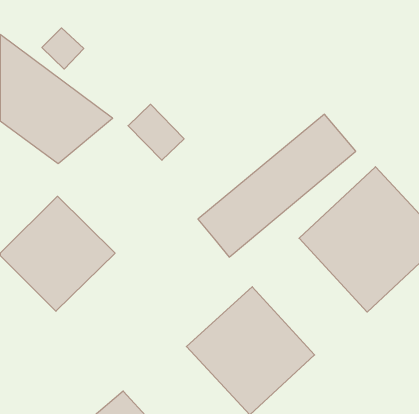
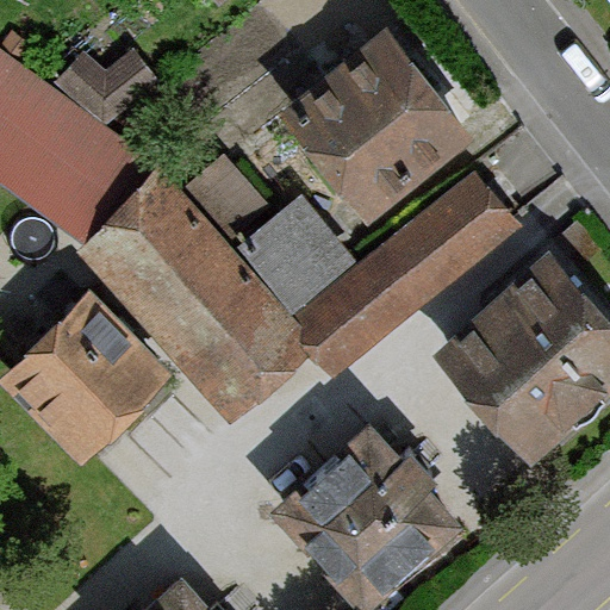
building: none -> [282,27,472,218]
building: none -> [79,180,312,428]
building: none -> [239,198,353,311]

